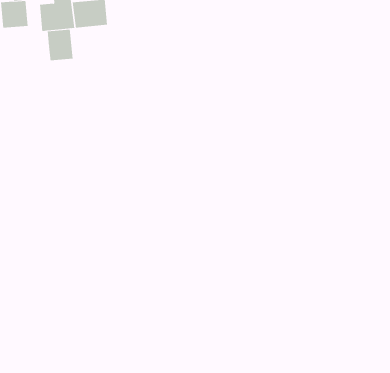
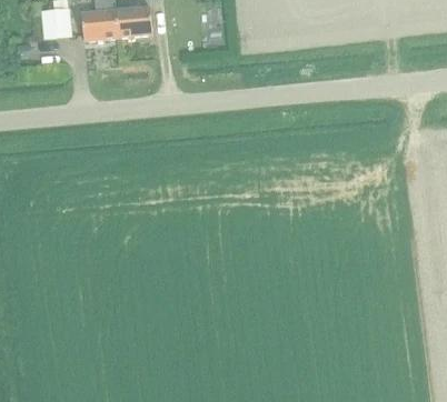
building: [47,29,73,61] -> none

